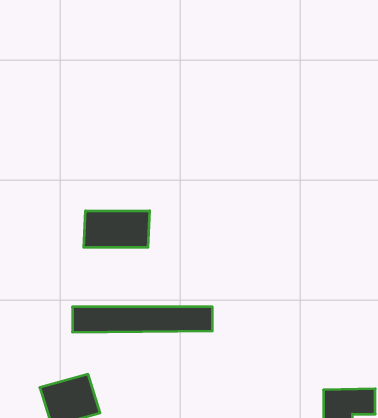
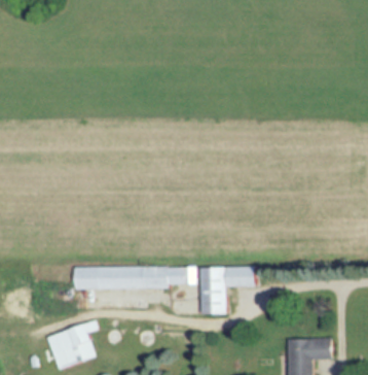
building: [84,211,150,247] -> none
building: none -> [201,267,255,313]

